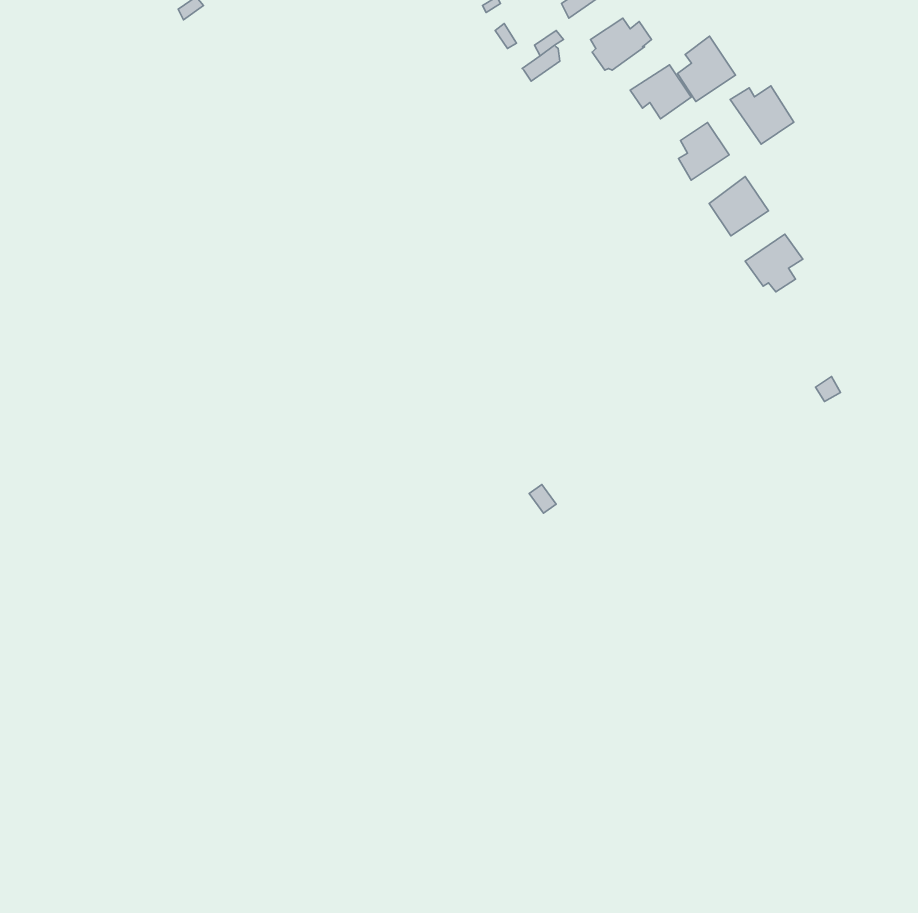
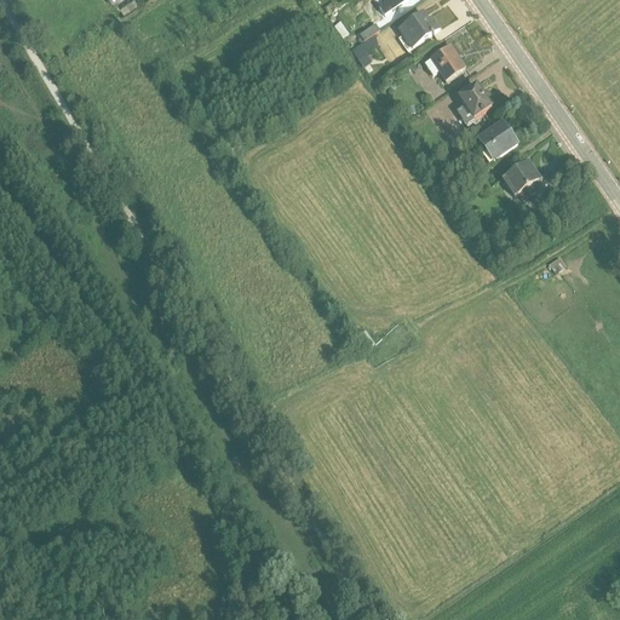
building: [677,36,735,101] -> none
building: [730,86,794,144] -> none

